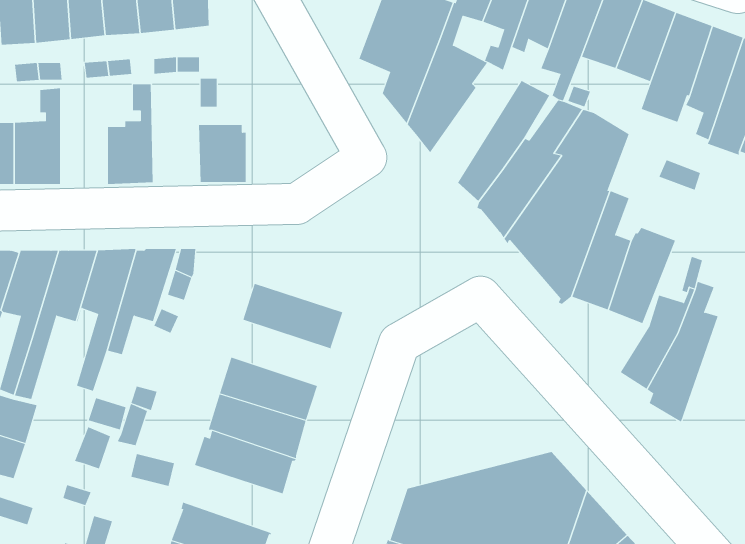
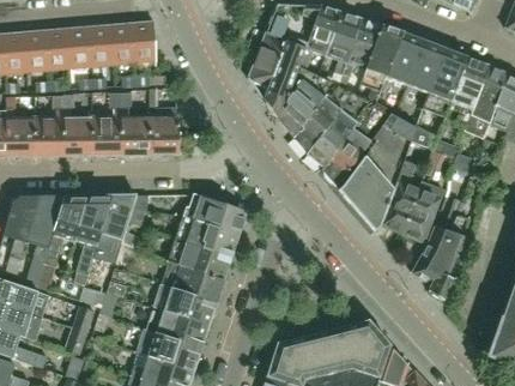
building: none -> [292,70,351,153]
building: none -> [120,92,150,153]
building: none -> [63,95,92,155]
building: none -> [183,193,243,234]
building: none -> [169,239,231,279]
building: none -> [139,328,201,370]

